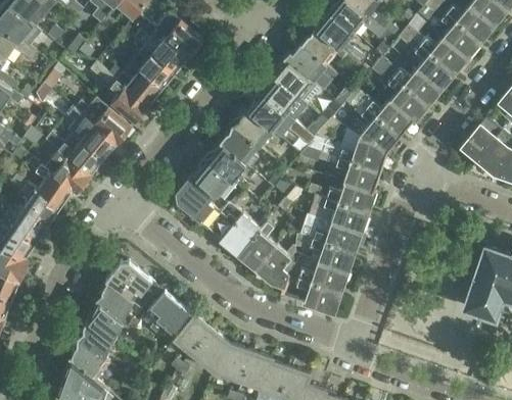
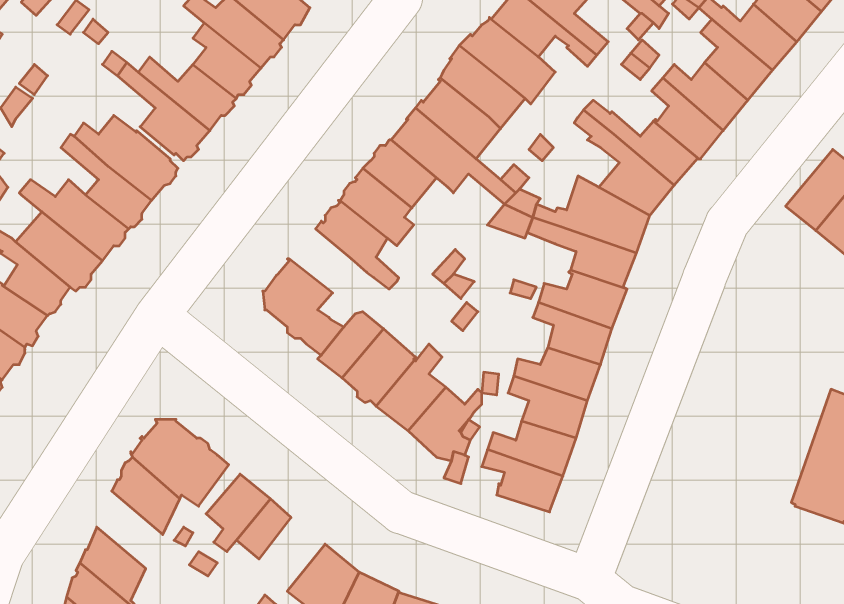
building: [191,159,233,199] -> none
building: [87,301,123,343] -> none
building: [172,315,211,357] -> none

